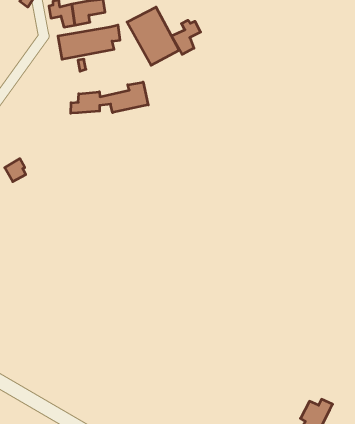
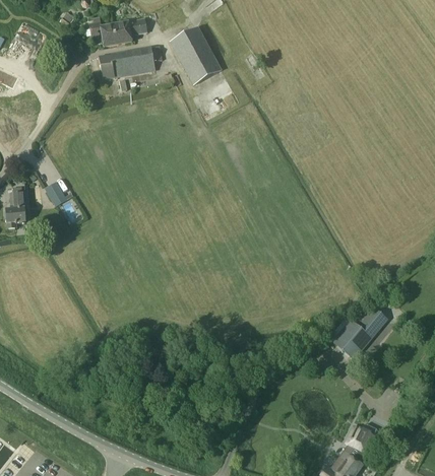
building: [172,20,201,54] -> none
building: [71,82,148,113] -> none
building: none -> [332,308,387,359]

